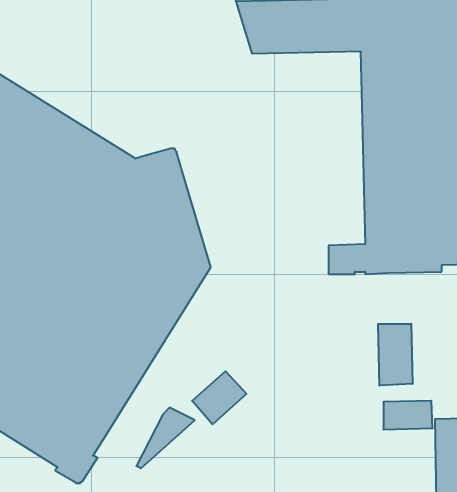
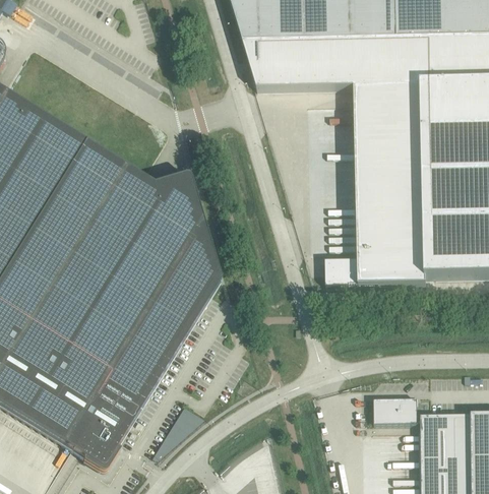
building: [378,324,413,386] -> none
building: [192,371,246,424] -> none

